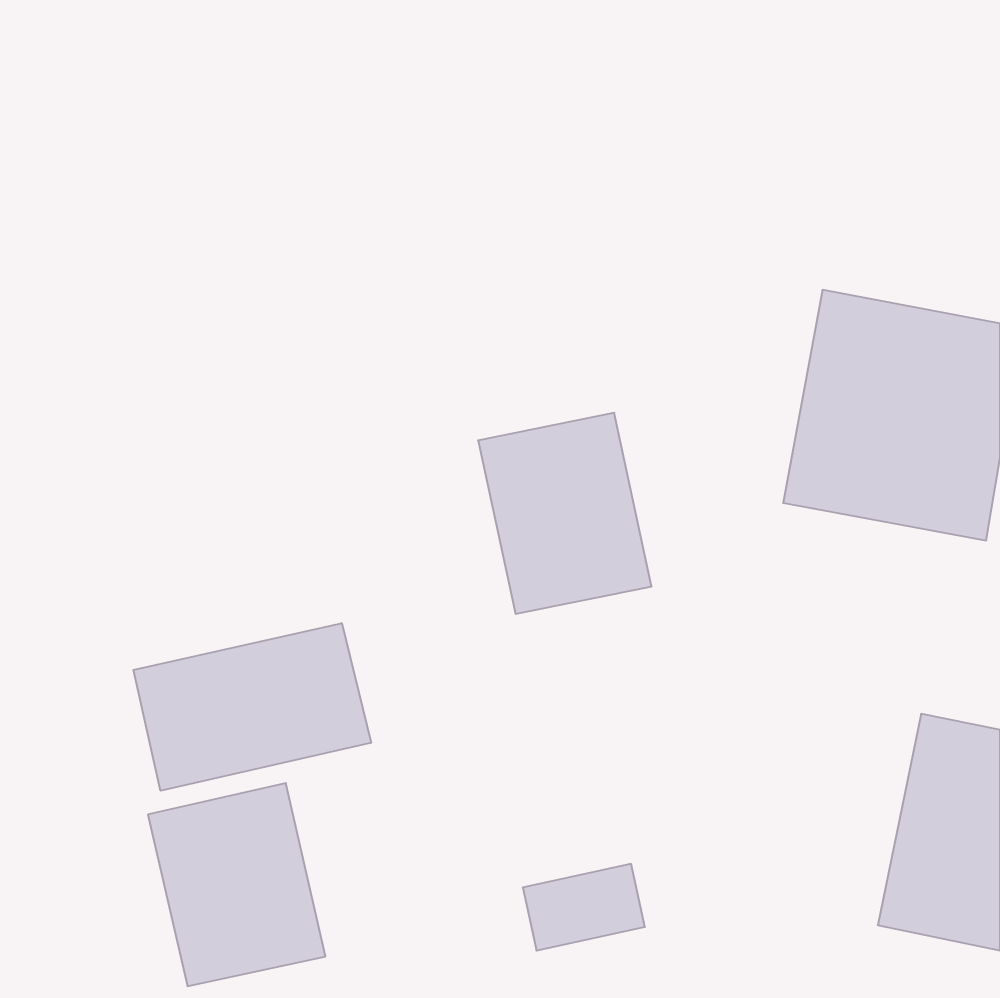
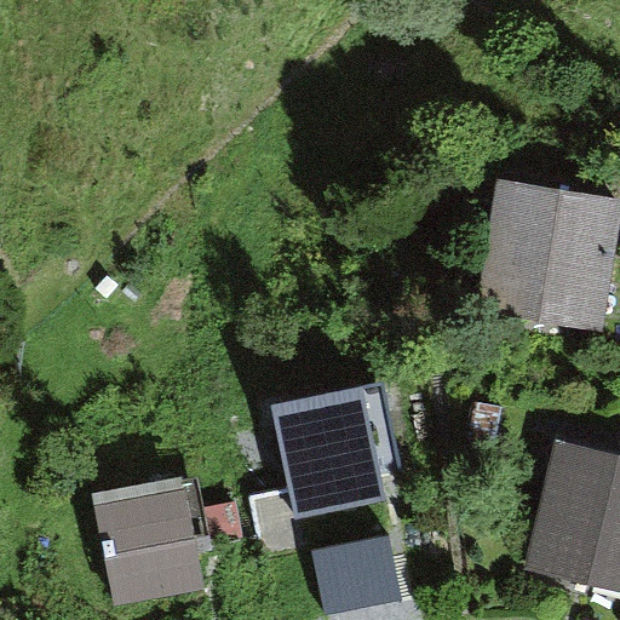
building: [478,413,652,614] -> [282,397,389,521]
building: [133,623,371,791] -> none

